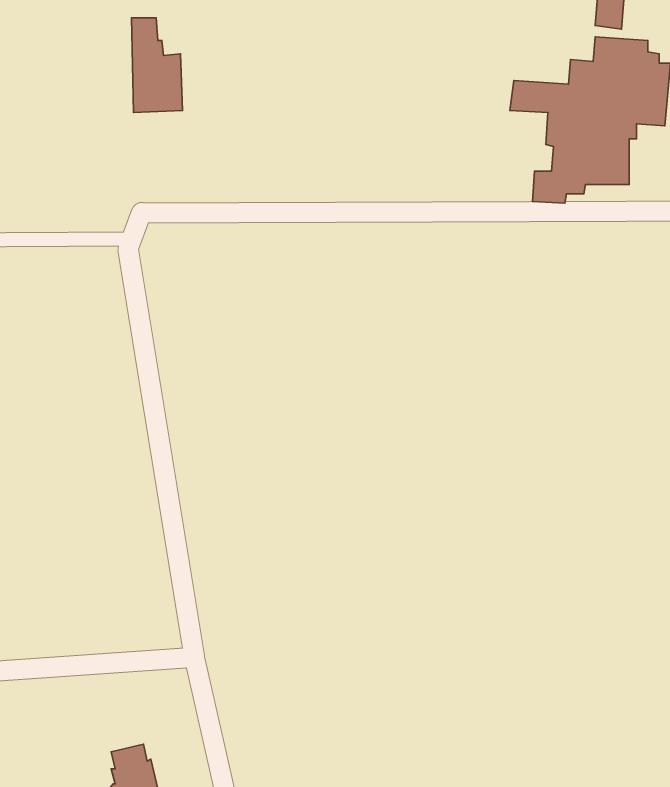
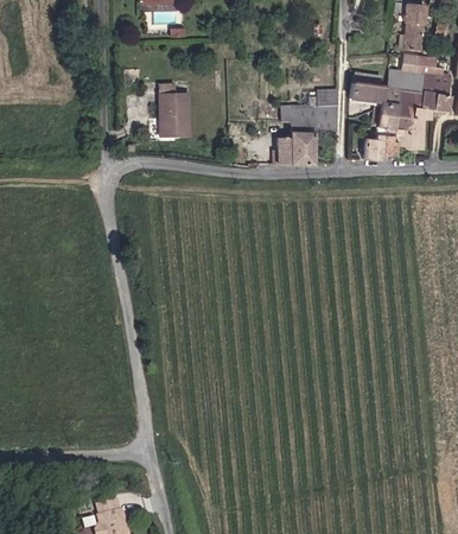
building: [132,18,183,112] -> [158,77,190,136]
building: none -> [278,88,338,163]

